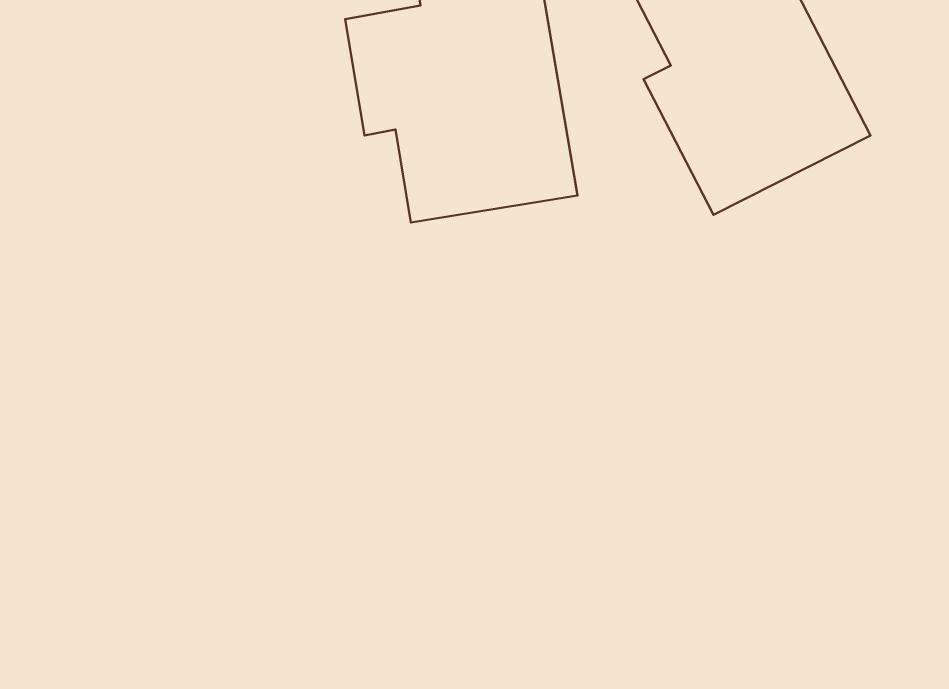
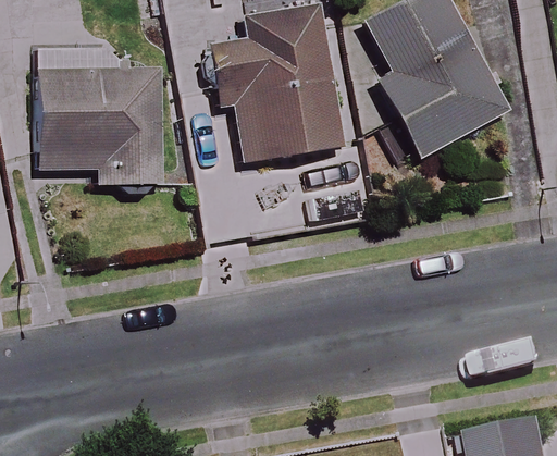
building: none -> [39,66,165,183]

